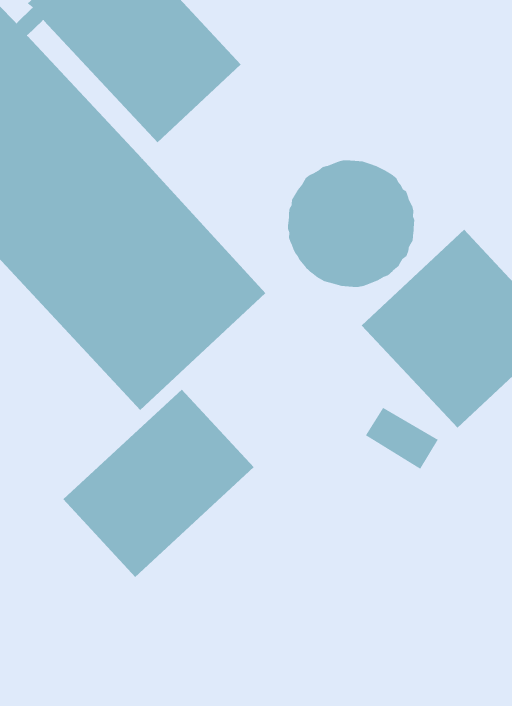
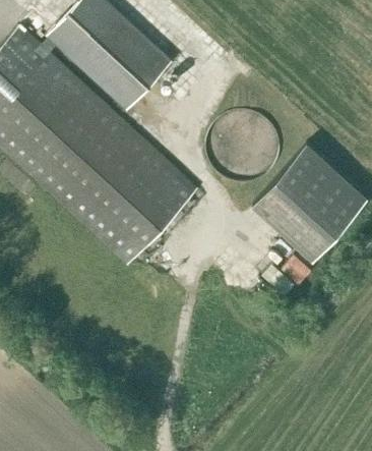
building: [63,389,255,578] -> none

